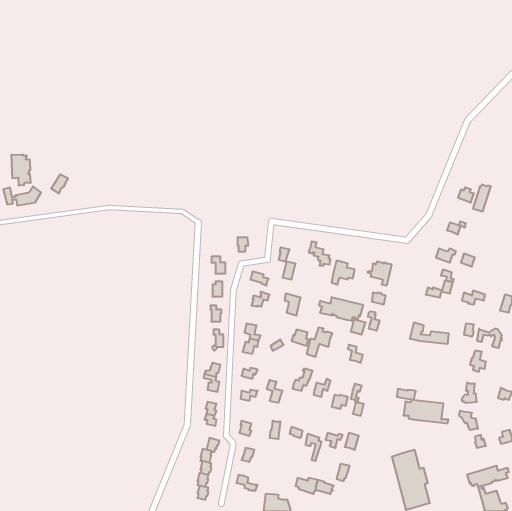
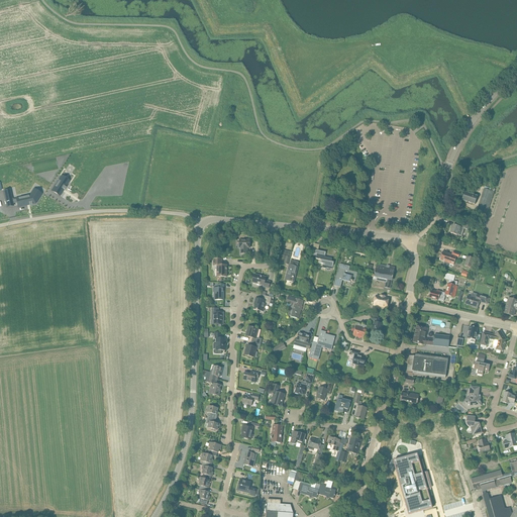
building: [11,154,31,186] -> none
building: [319,297,363,321] -> none
building: [403,399,448,423] -> [408,353,453,378]

